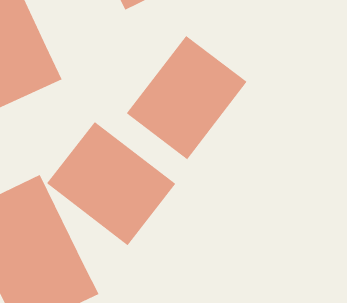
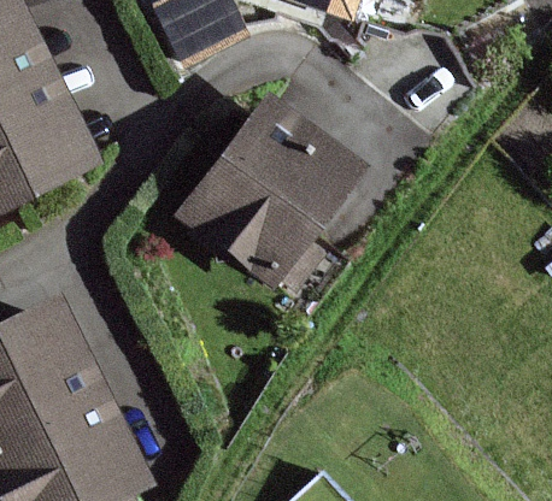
building: [46,121,176,246] -> none

